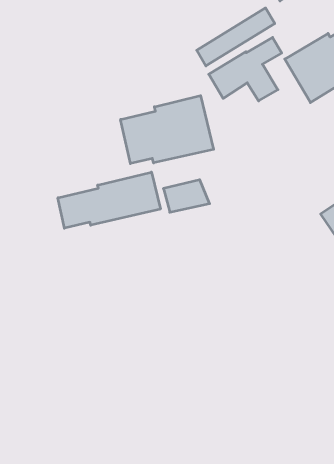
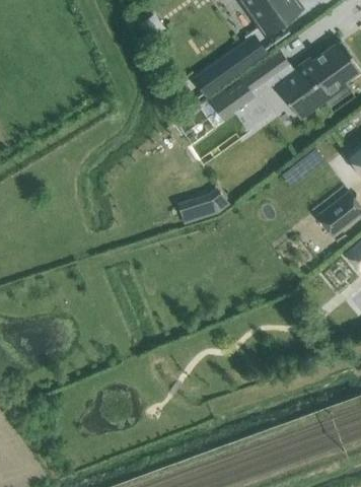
building: [121,96,214,164] -> none
building: [58,172,160,228] -> none

